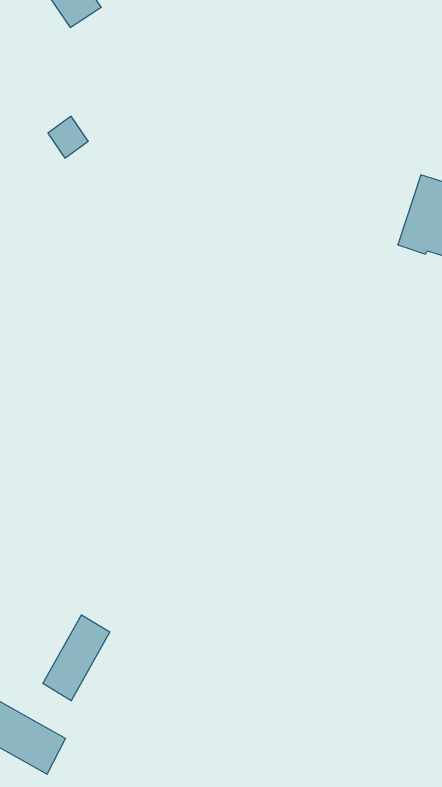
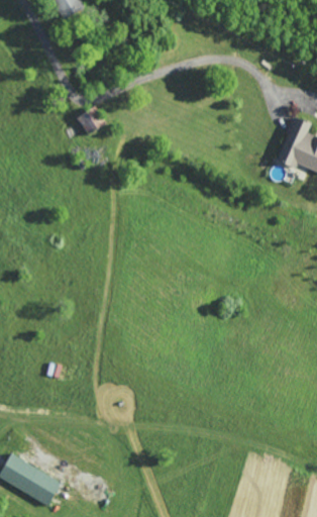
building: [48,116,88,158] -> [78,107,104,134]
building: [43,615,110,701] -> none

